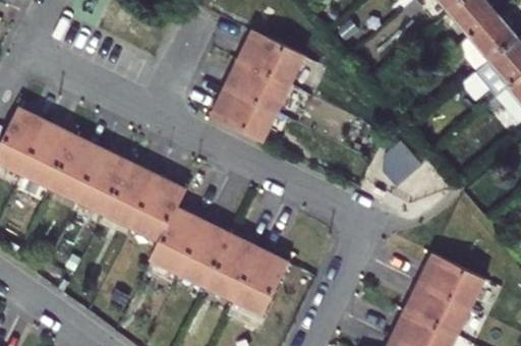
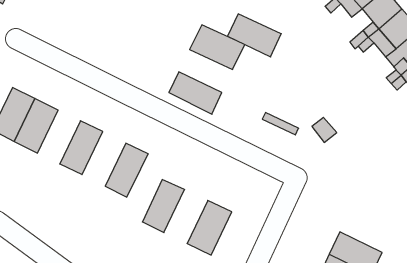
building: [222,61,288,114] -> [228,14,281,57]
building: [48,135,101,201] -> none
building: [103,162,157,229] -> none
building: [150,208,201,273] -> none
building: [204,233,257,299] -> none
building: [420,255,486,310] -> none

